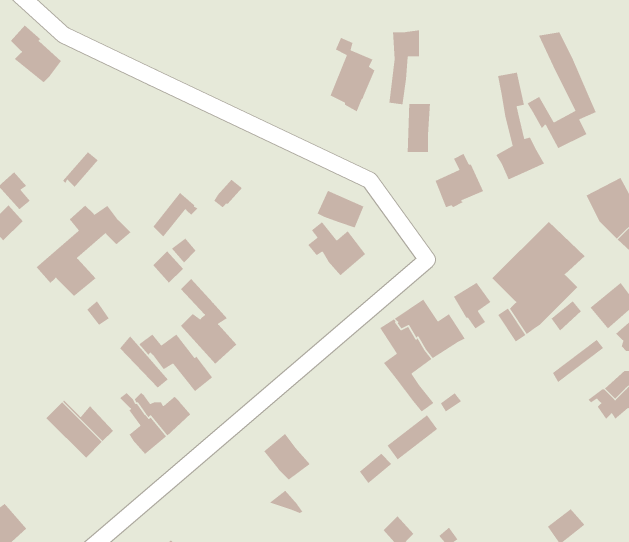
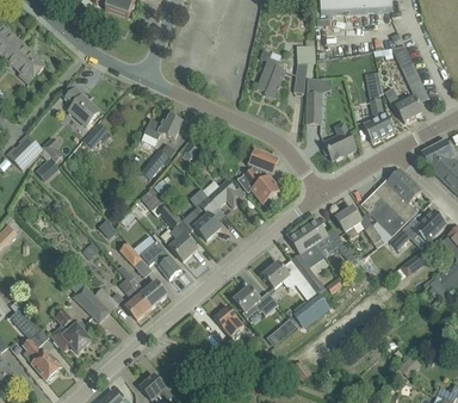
building: [10,24,62,83] -> [64,87,98,125]
building: none -> [144,116,181,140]
building: [36,205,131,297] -> [180,180,242,240]
building: none -> [262,262,315,299]
building: none -> [233,287,278,318]
building: none -> [49,310,89,353]

